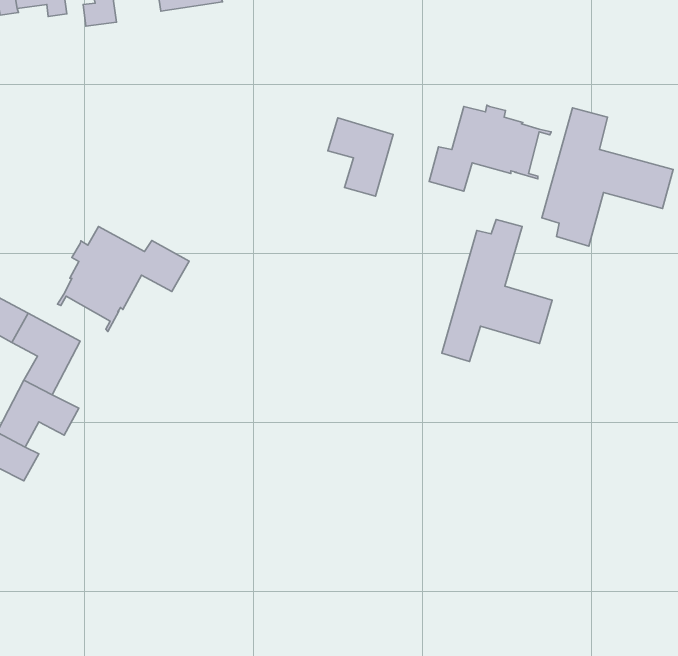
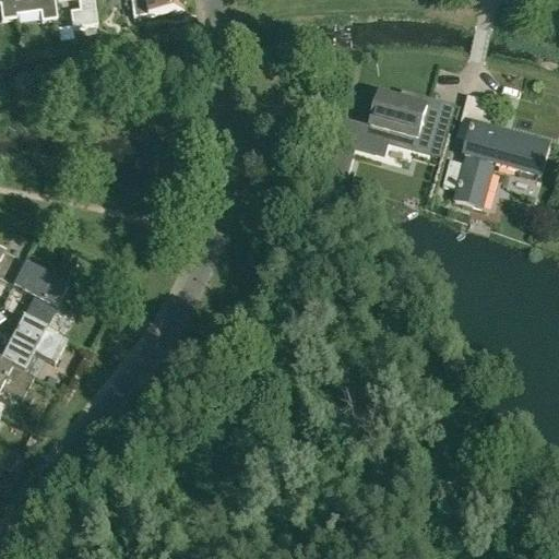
building: [328,118,393,196] -> none
building: [442,219,552,361] -> none
building: [58,227,189,331] -> none

